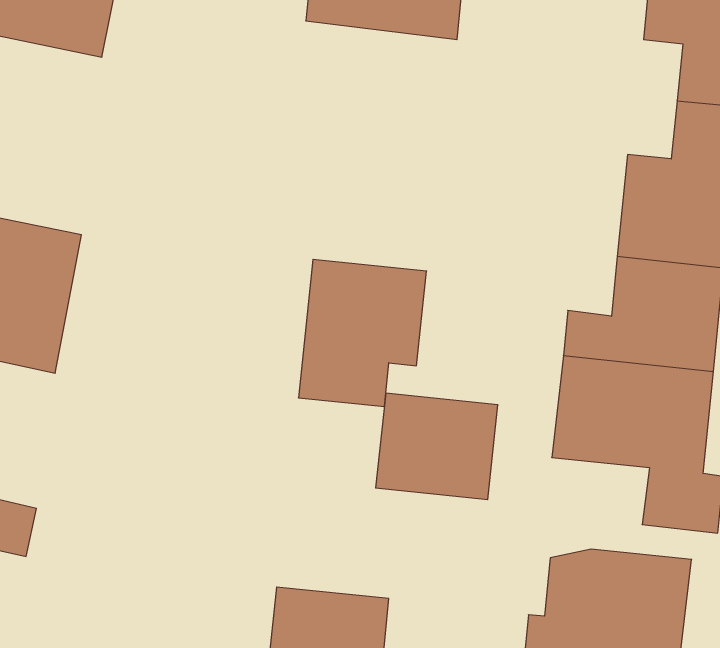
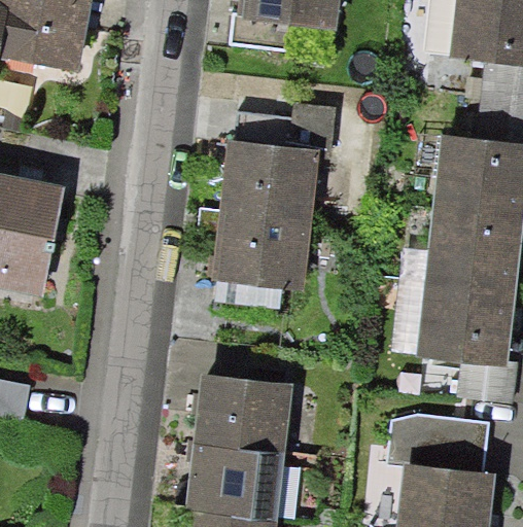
building: none -> [229,111,336,218]
building: [376,393,498,500] -> [203,375,289,450]

